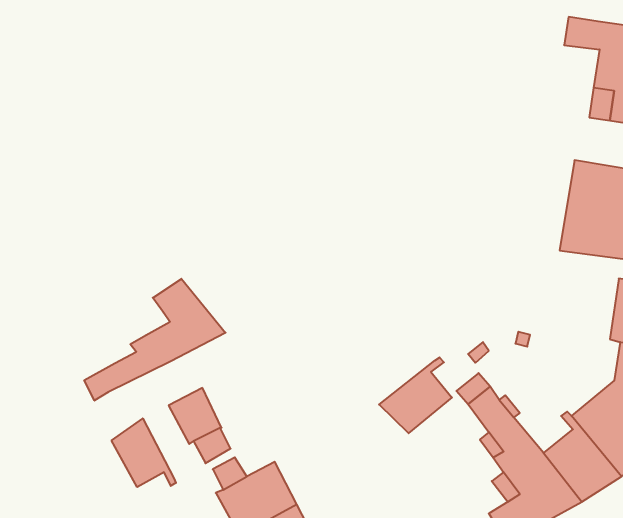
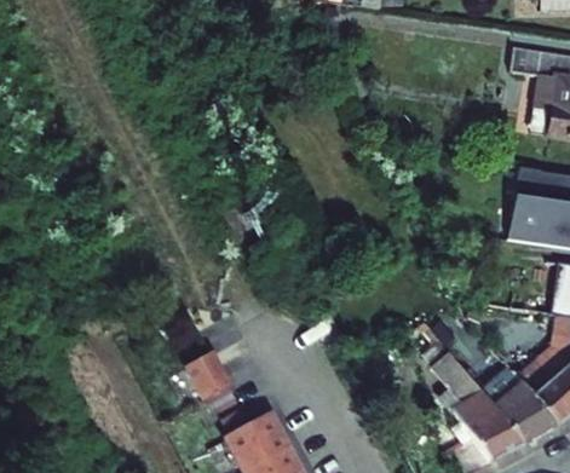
building: [84,279,226,401] -> none
building: [379,357,452,433] -> none
building: [112,418,176,487] -> none

